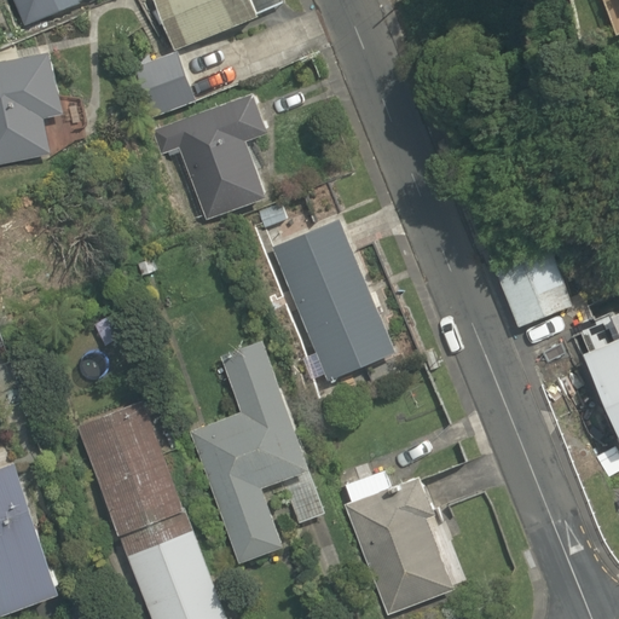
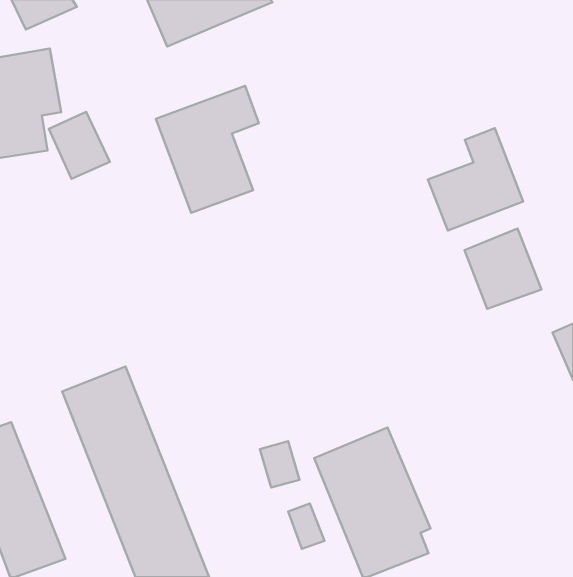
building: [129,46,195,117] -> [49,112,110,179]
building: none -> [428,128,523,230]
building: [254,207,398,382] -> none
building: [184,330,307,559] -> none

